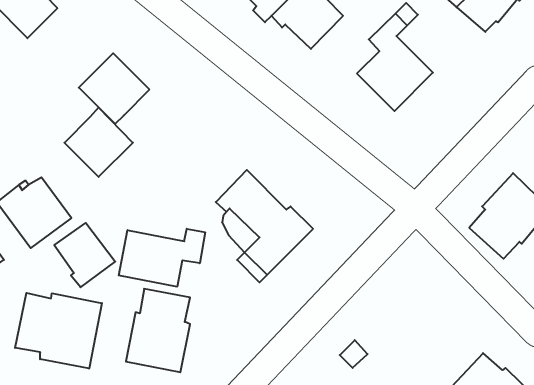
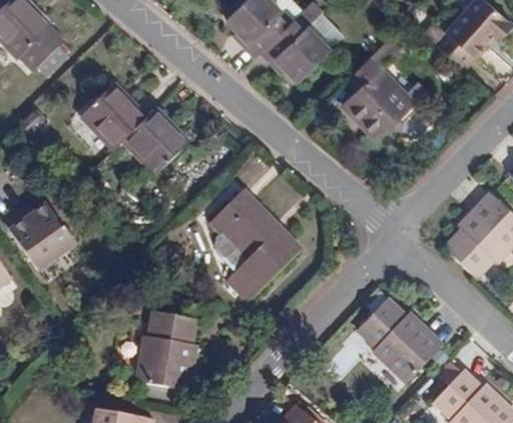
building: [64,107,133,177] -> [126,111,190,176]
building: [54,223,115,287] -> none
building: [119,229,205,287] -> none
building: none -> [359,293,443,376]
building: [15,293,102,369] -> none

